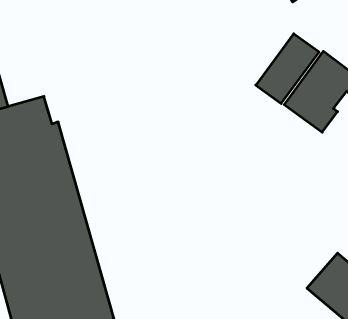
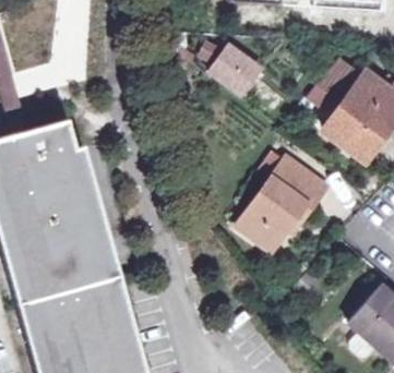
building: none -> [205,44,264,100]
building: none -> [238,156,327,250]

